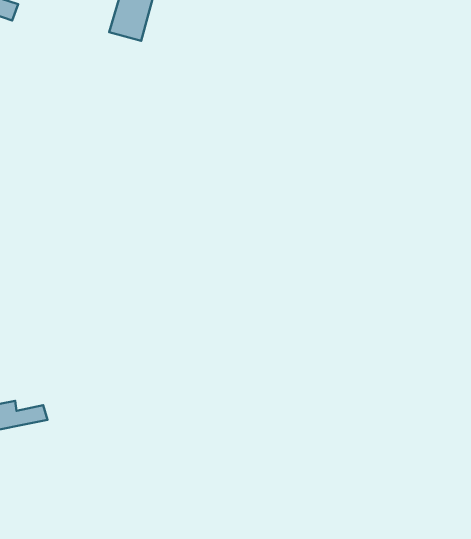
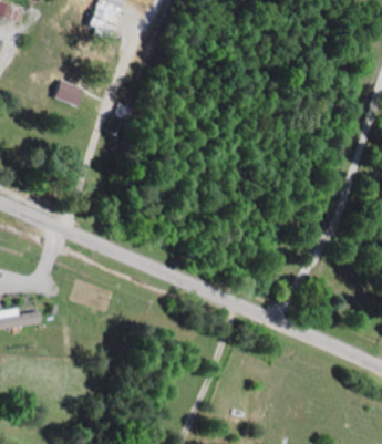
building: none -> [54,80,83,105]

